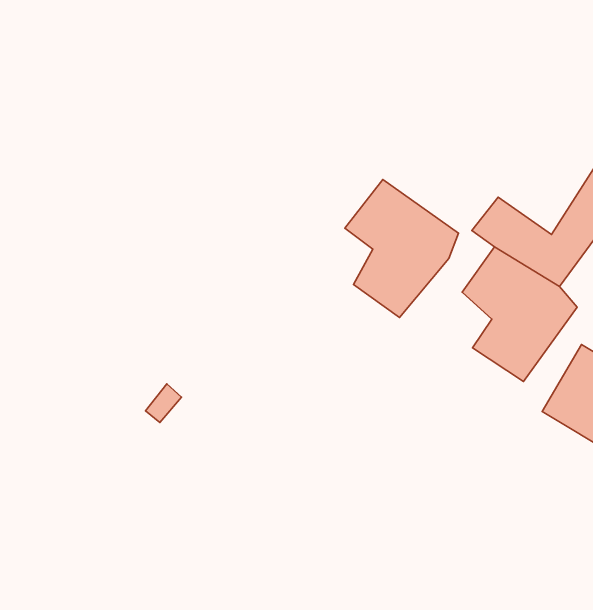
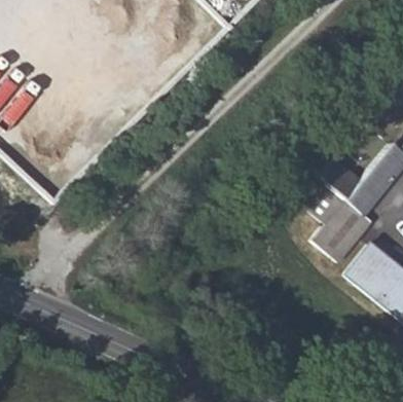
building: [345,179,459,317] -> none

